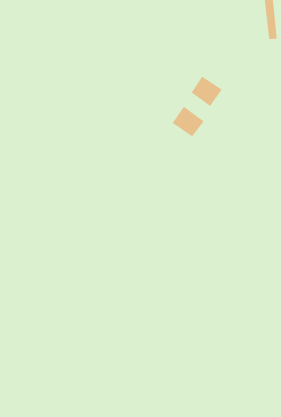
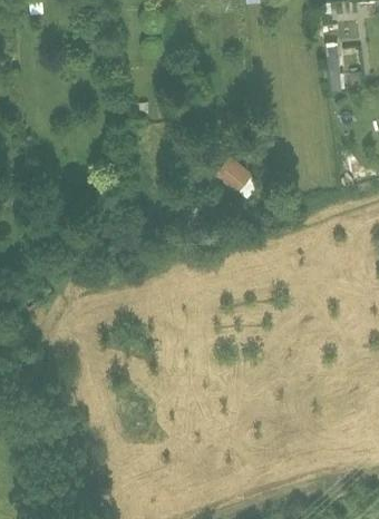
building: [191,76,223,107] -> none

